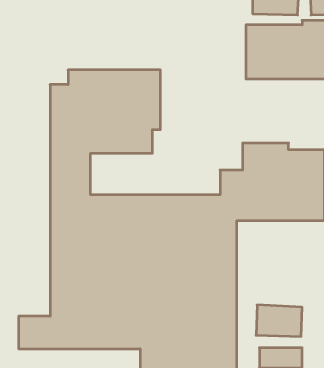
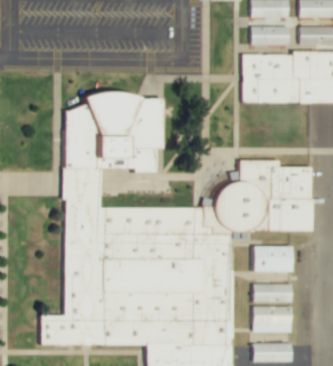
building: none -> [249,246,293,272]
building: none -> [253,283,292,302]

